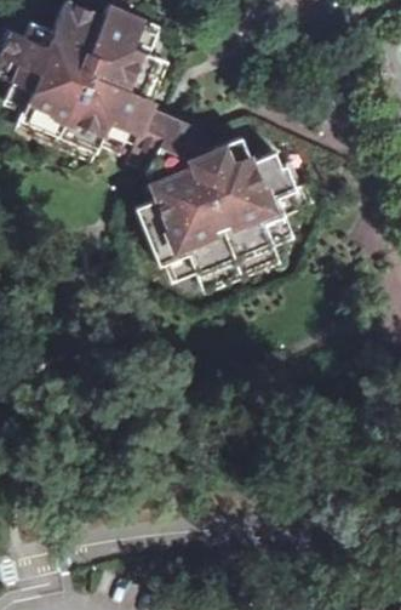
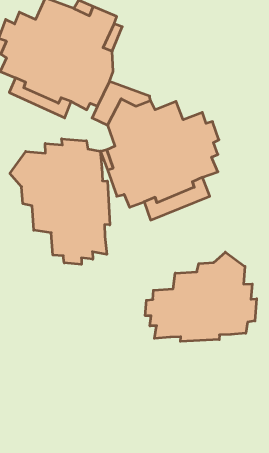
building: none -> [10,139,110,264]
building: none -> [145,252,257,341]

